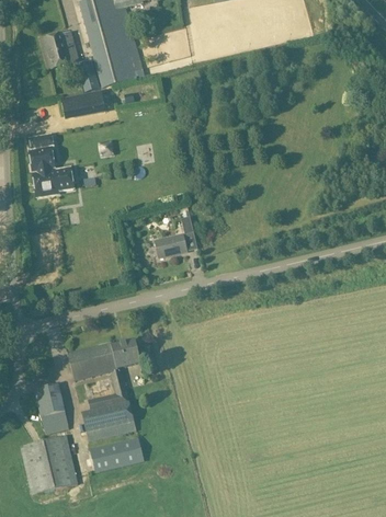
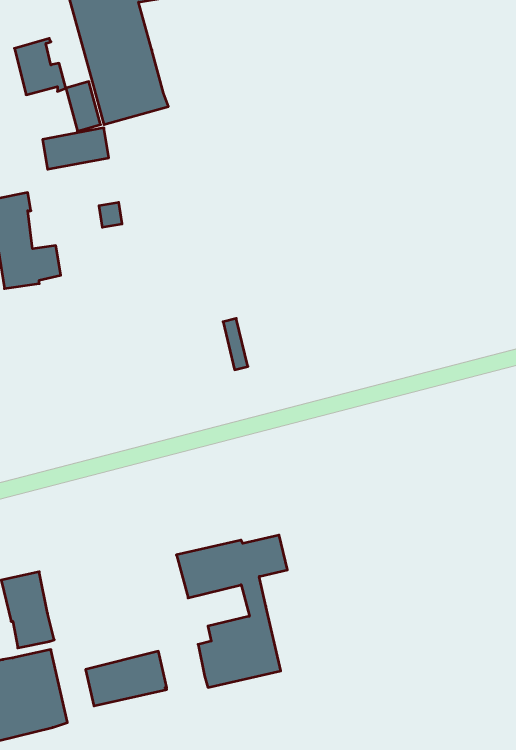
building: [155,234,186,257] -> none
building: [67,340,140,440] -> [176,535,287,687]

